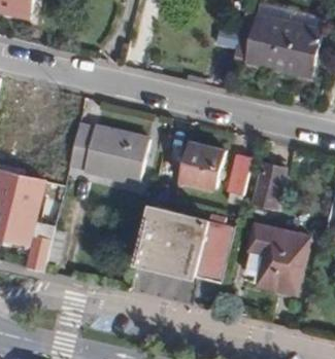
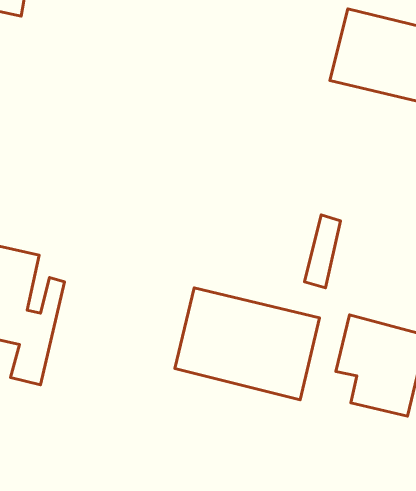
building: [66,121,146,181] -> none
building: [179,140,224,188] -> none
building: [250,161,282,206] -> none

